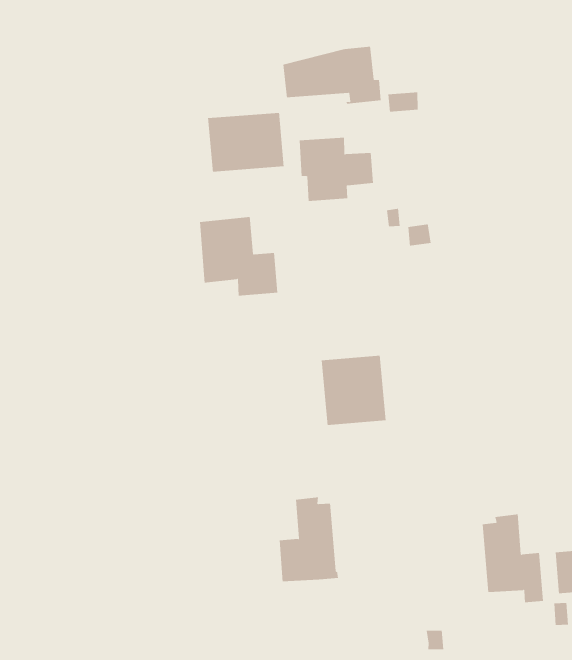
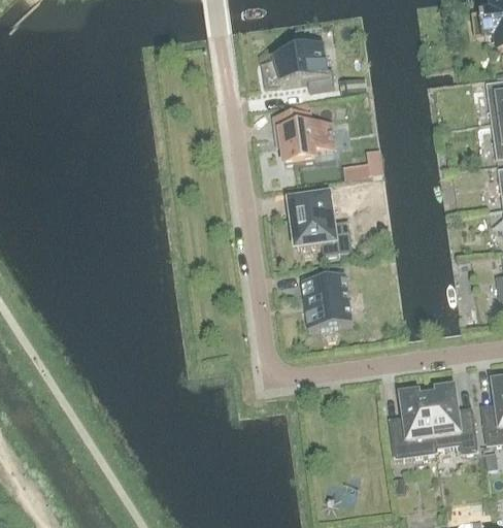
building: [208,112,284,172] -> none
building: [199,217,278,296] -> [291,194,353,254]
building: [279,497,339,582] -> [391,391,437,456]

